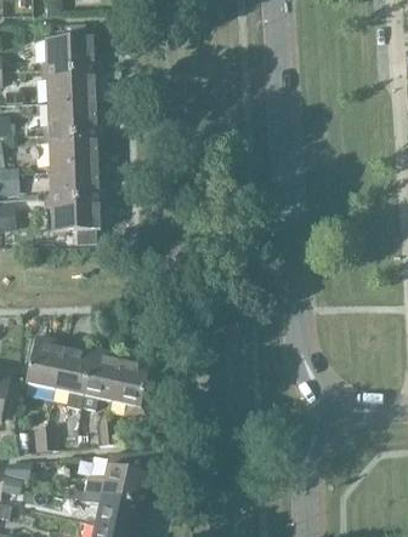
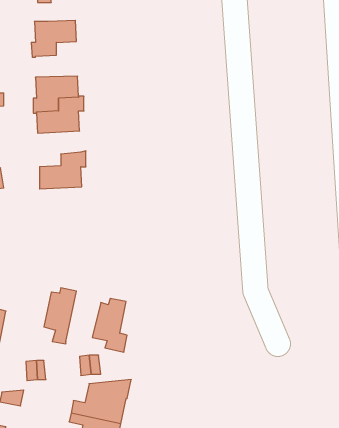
building: [46,59,100,102] -> none
building: [46,164,98,206] -> none
building: [27,336,64,389] -> none
building: [81,348,121,409] -> none

